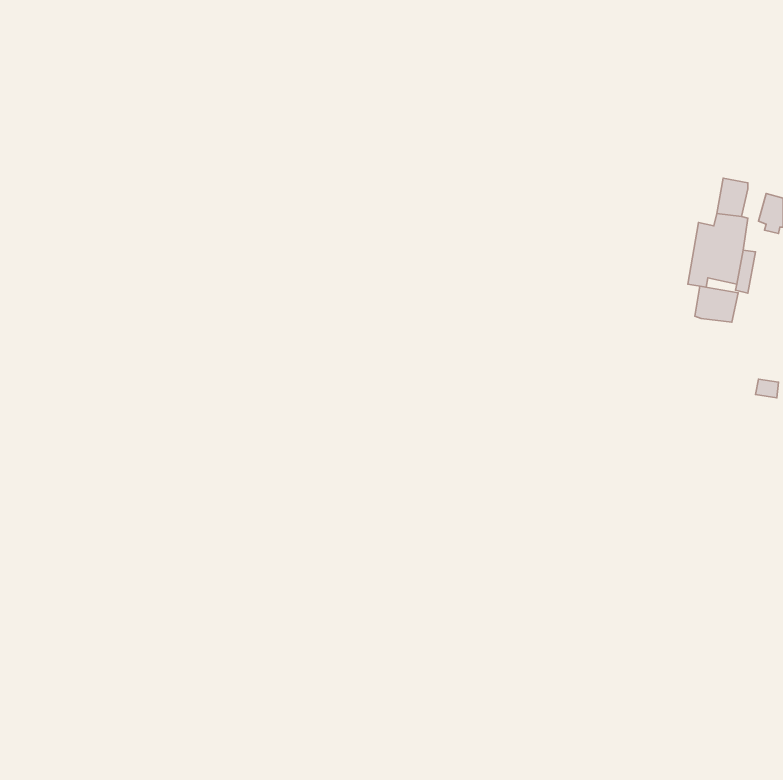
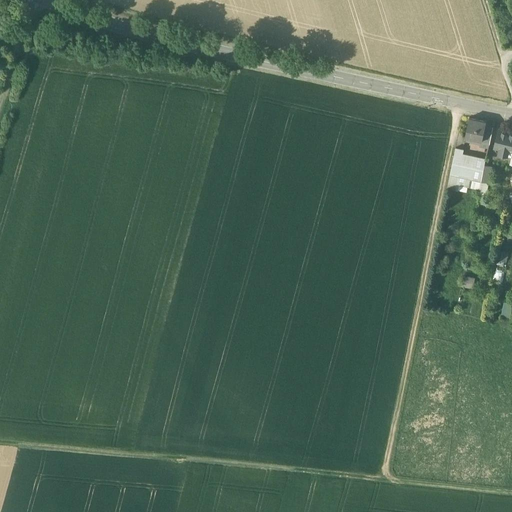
building: [695,286,738,322] -> none

